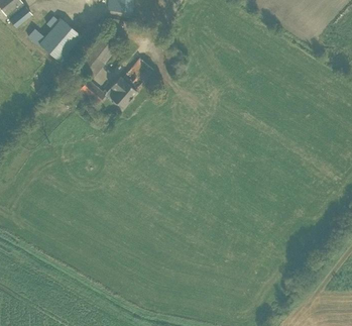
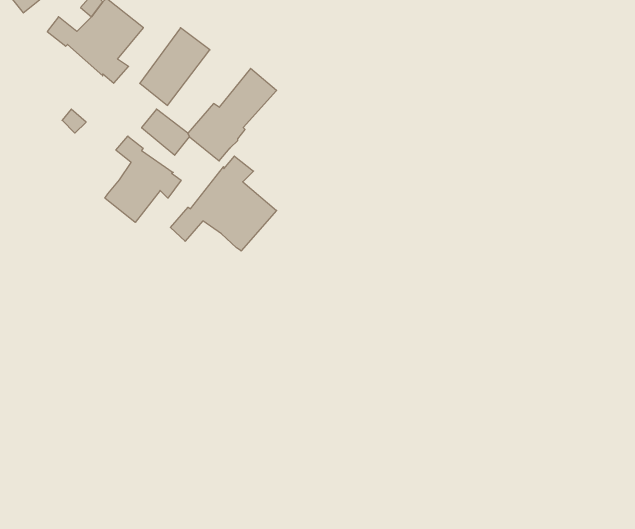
building: none -> [105,136,181,222]
building: none -> [170,156,277,251]

